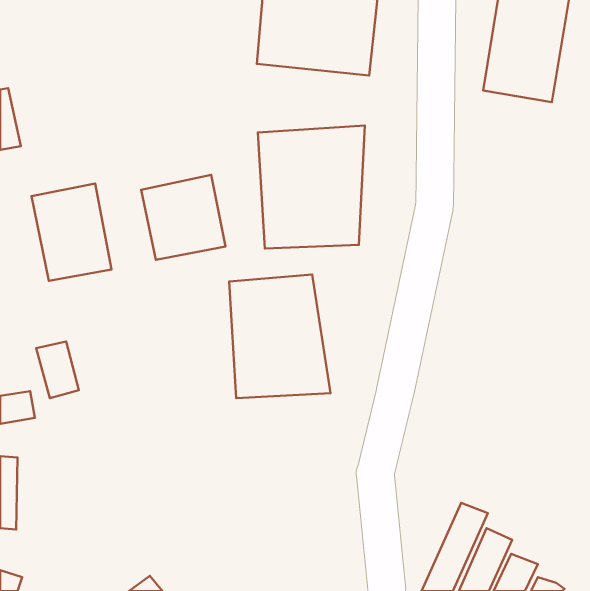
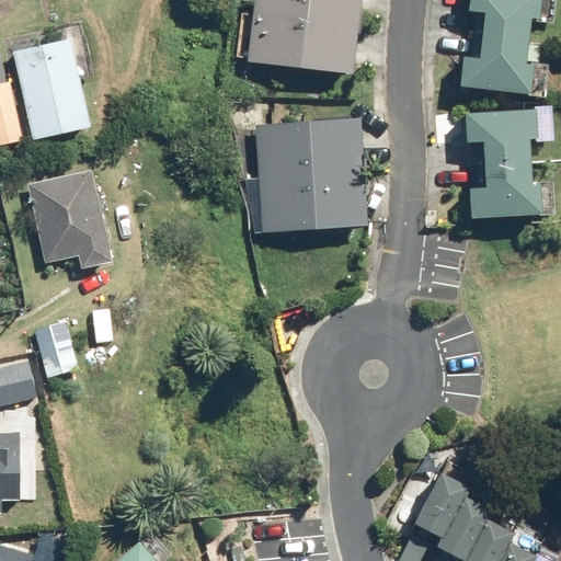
building: none -> [23,47,83,136]
building: none -> [467,110,539,218]
building: [141,175,226,260] -> none
building: [229,274,331,398] -> none

